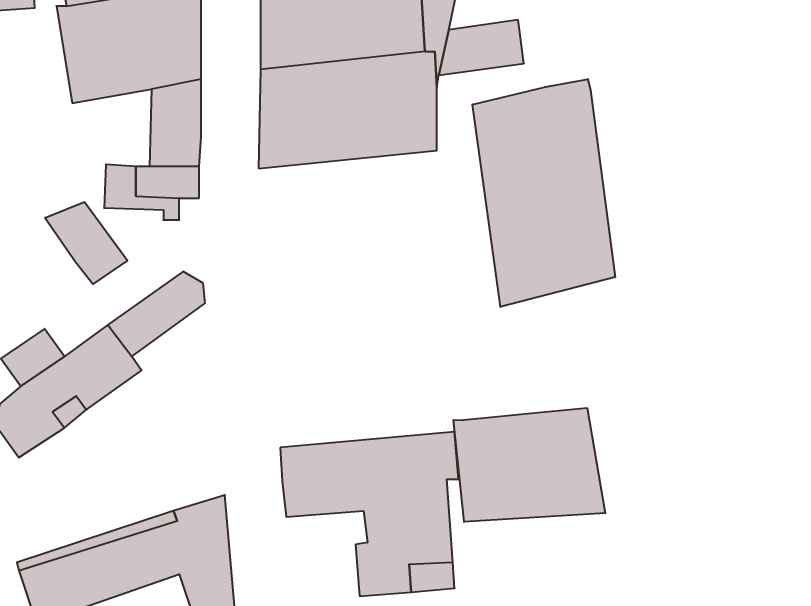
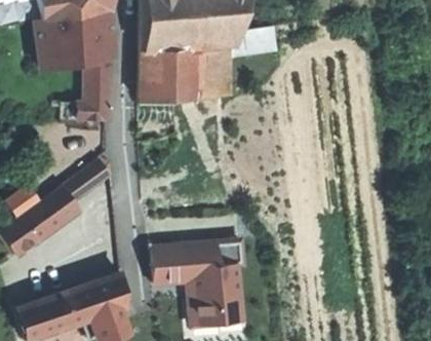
building: [472,79,615,307] -> none
building: [45,202,127,284] -> none
building: [453,408,605,522] -> none

